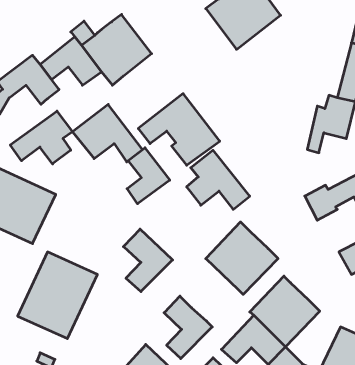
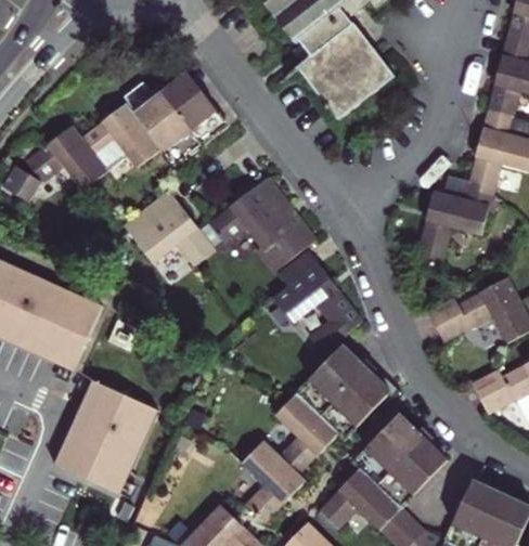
building: [10,111,72,164] -> none
building: [127,148,170,204] -> none
building: [123,229,173,292] -> [275,391,339,472]

